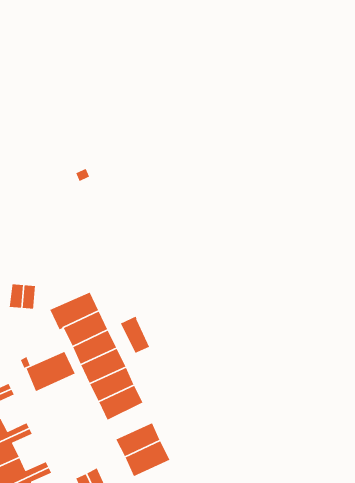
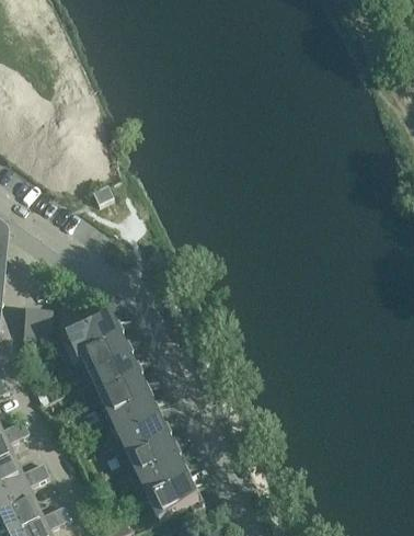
building: [120,316,150,354] -> none
building: [25,351,76,392] -> none
building: none -> [131,441,181,480]

